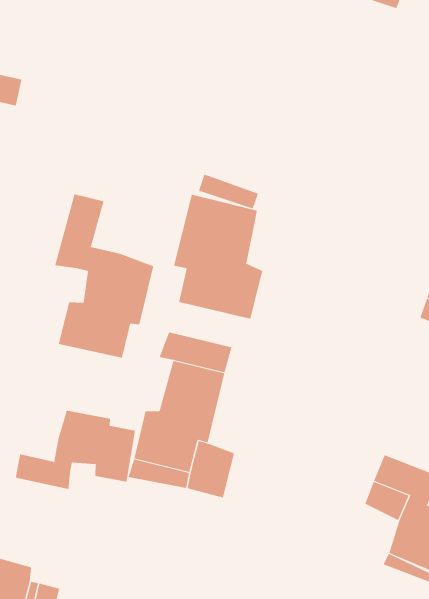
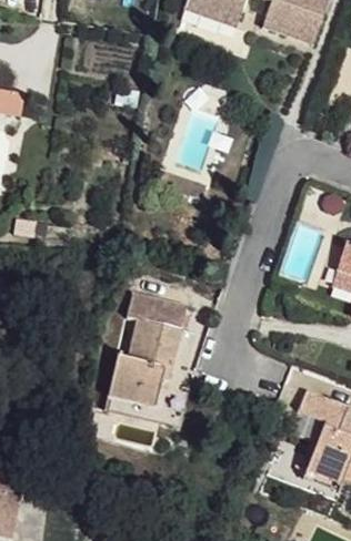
building: [54,193,154,358] -> none
building: [173,194,263,320] -> none
building: [15,410,136,490] -> none

